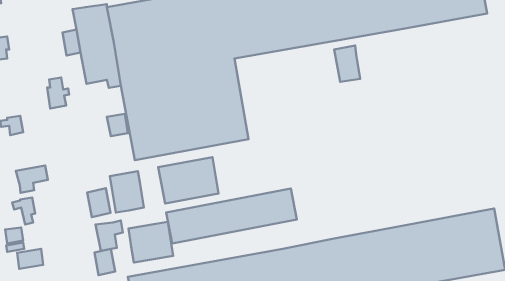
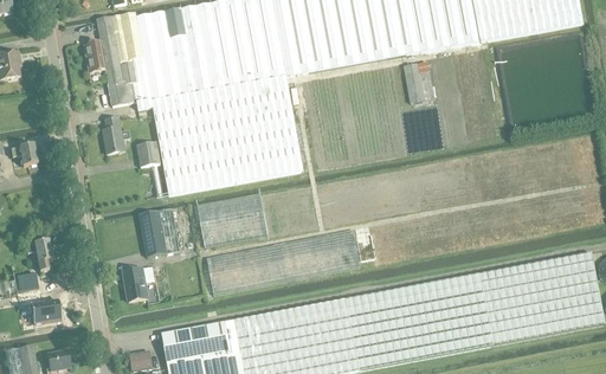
building: [47,77,69,109] -> [103,116,129,153]
building: [16,165,48,193] -> none
building: [87,188,111,217] -> none
building: [128,222,173,263] -> none
building: [94,249,115,275] -> none

